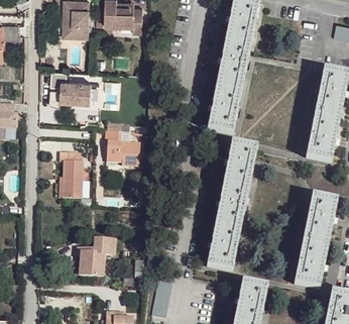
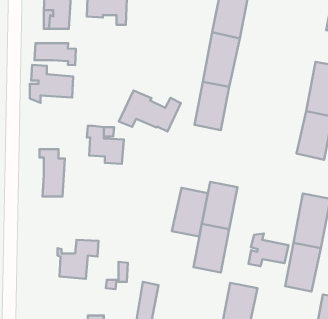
building: none -> [35,43,76,65]
building: none -> [119,91,181,132]
building: [222,142,256,189] -> [172,188,208,236]
building: none -> [248,234,288,266]

